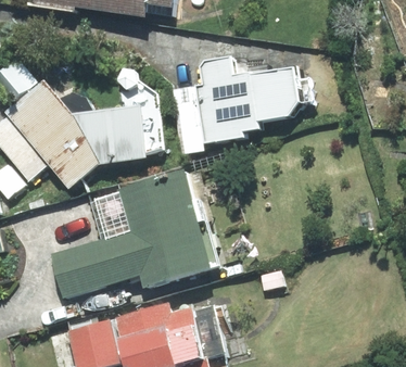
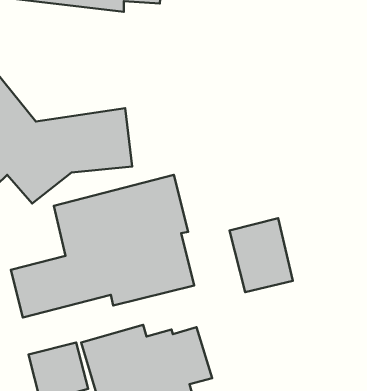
building: [169,55,313,157] -> none
building: none -> [230,218,293,292]

